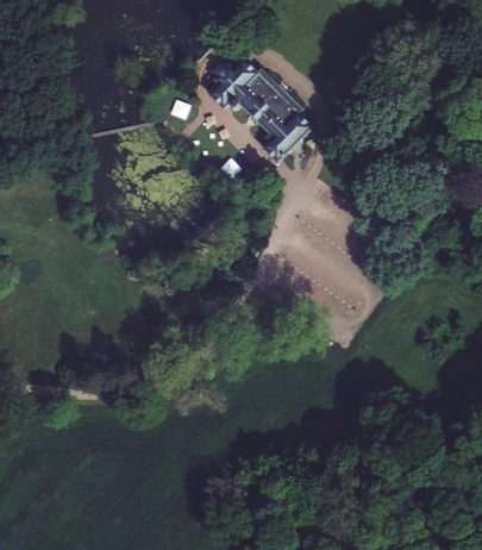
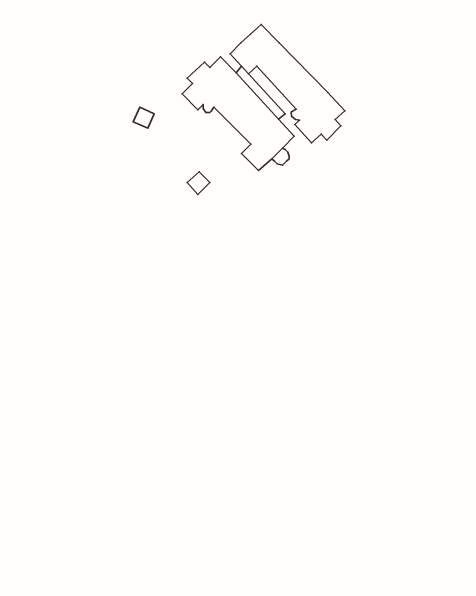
building: none -> [230,24,345,143]

